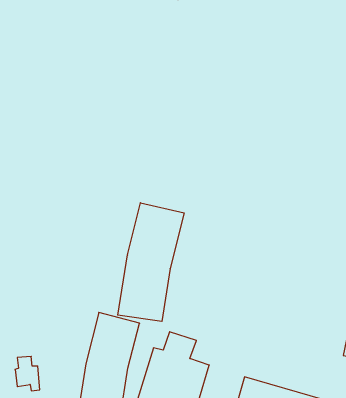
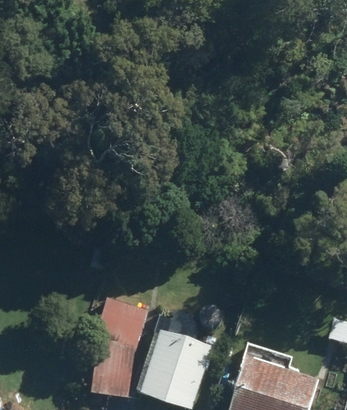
building: [118,203,184,321] -> none

